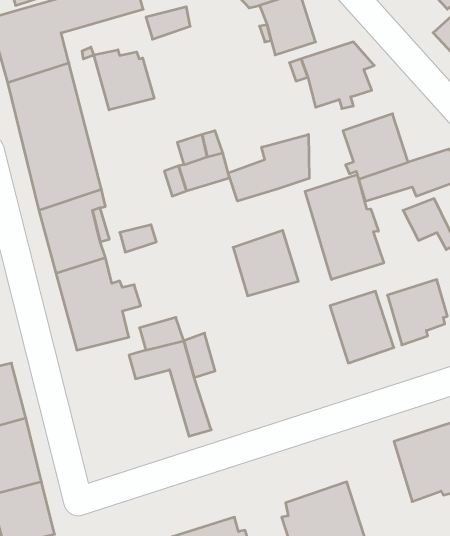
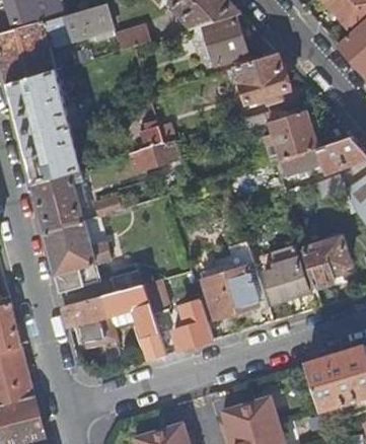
building: [94,50,154,110] -> none
building: [228,134,309,201] -> none
building: [305,175,384,280] -> none
building: [233,230,298,296] -> [203,266,253,316]
building: none -> [64,296,111,342]
building: none -> [172,308,212,349]

